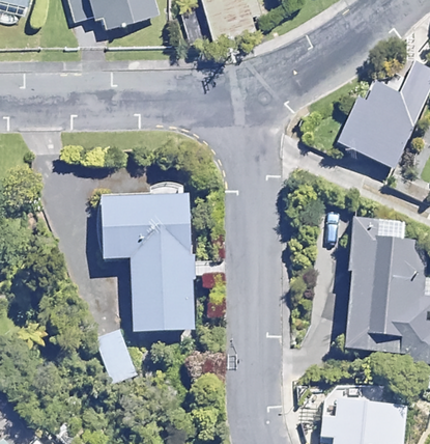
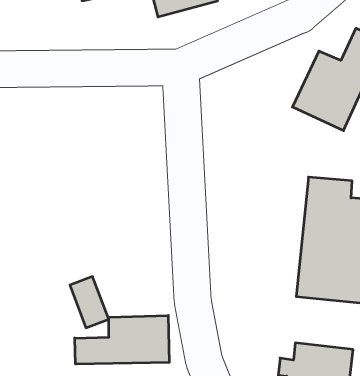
building: [99,194,194,331] -> none
building: none -> [75,315,169,364]

